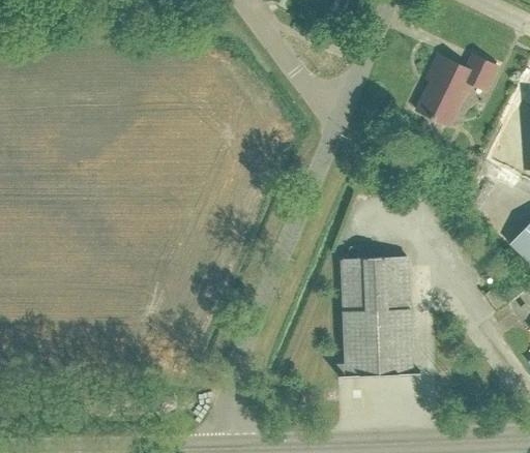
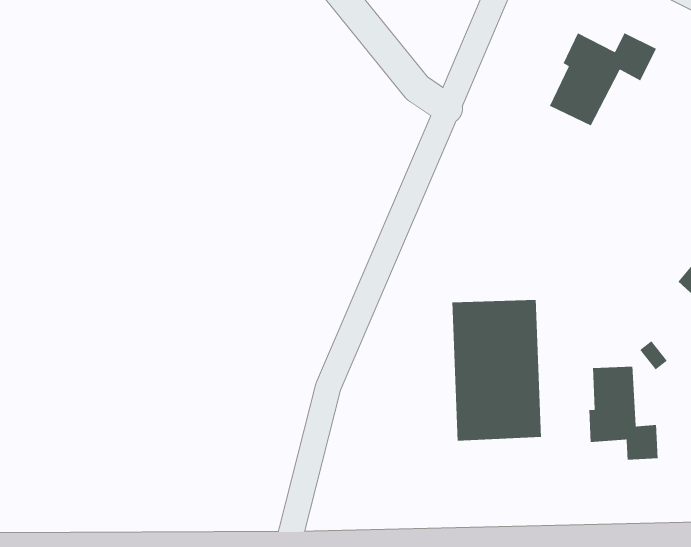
building: none -> [589,366,658,461]

